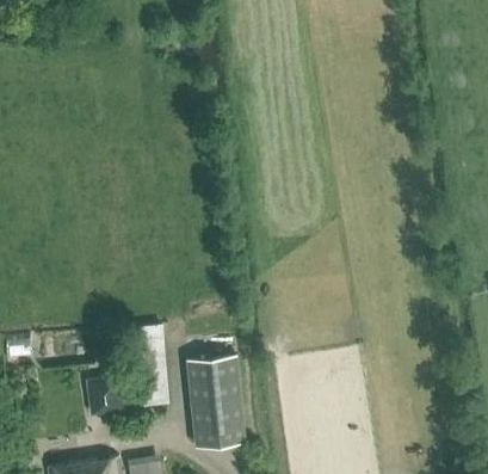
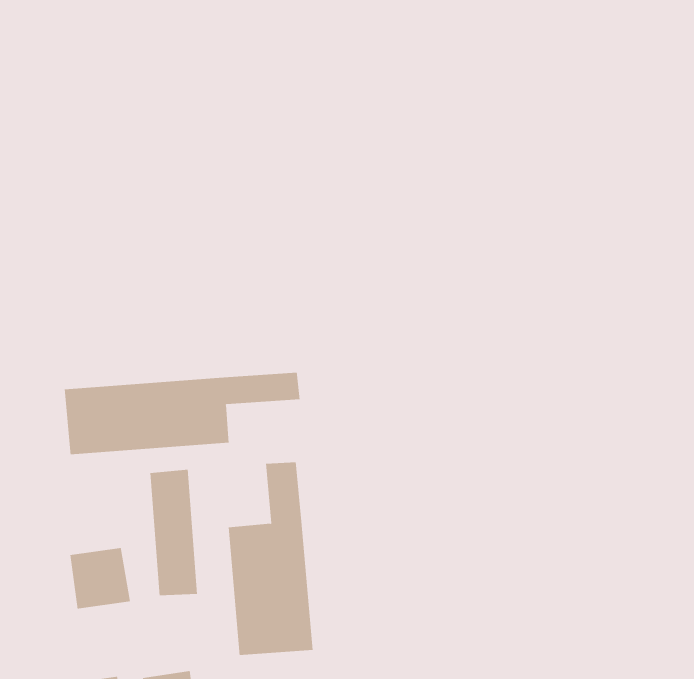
building: none -> [64,372,300,455]

